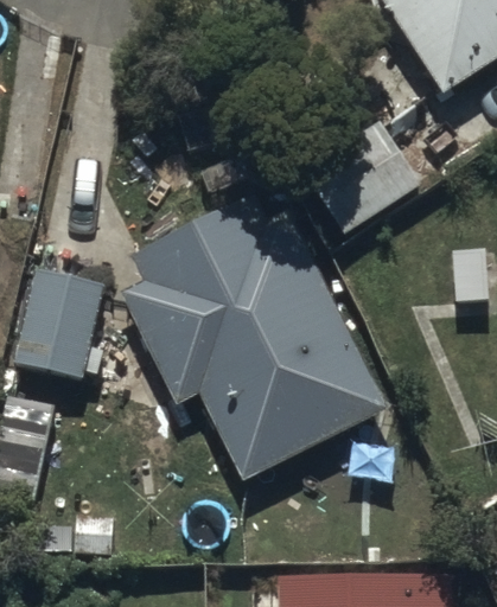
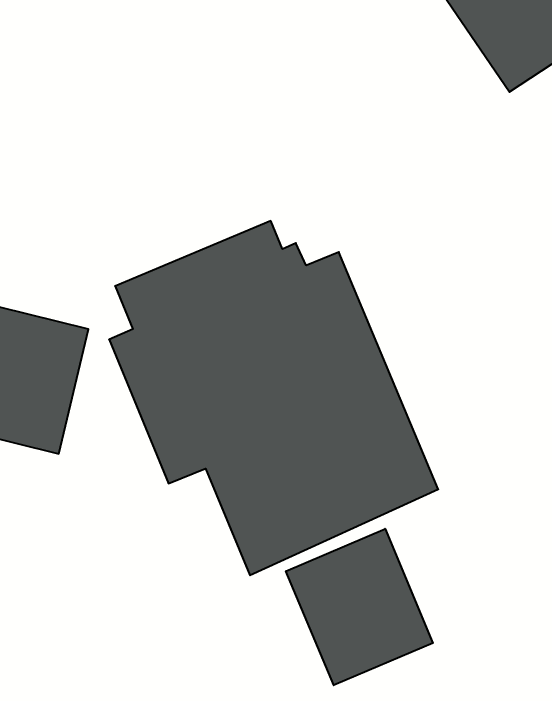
building: none -> [286,529,433,685]

